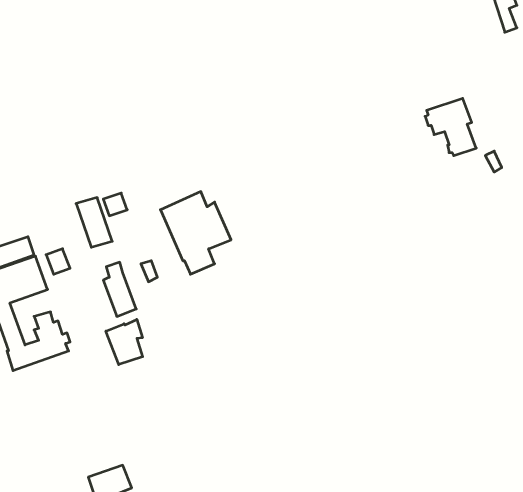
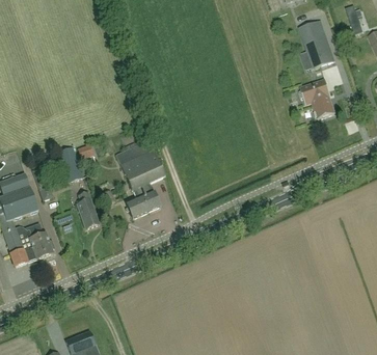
building: none -> [301,21,334,66]
building: none -> [127,193,160,219]
building: [106,319,143,365] -> none

